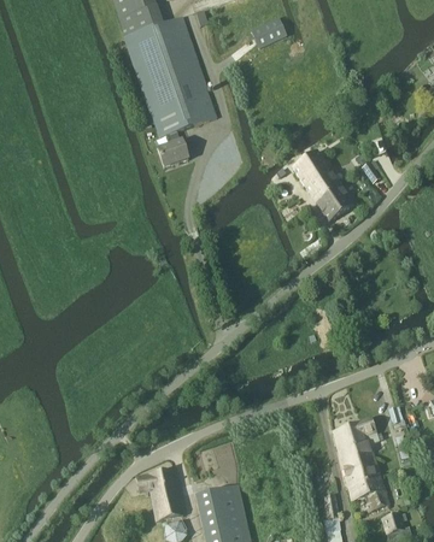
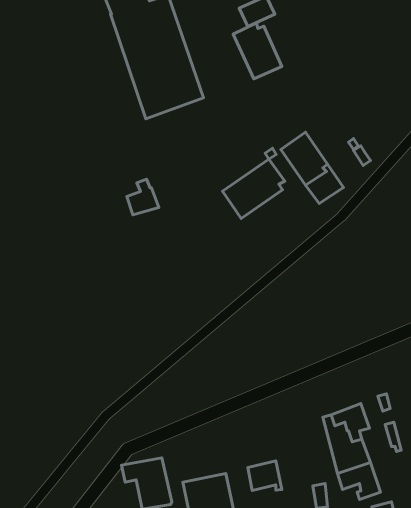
building: none -> [233,23,282,79]
building: [158,131,189,166] -> [127,179,159,215]
building: none -> [223,159,285,218]
building: none -> [248,461,282,491]

